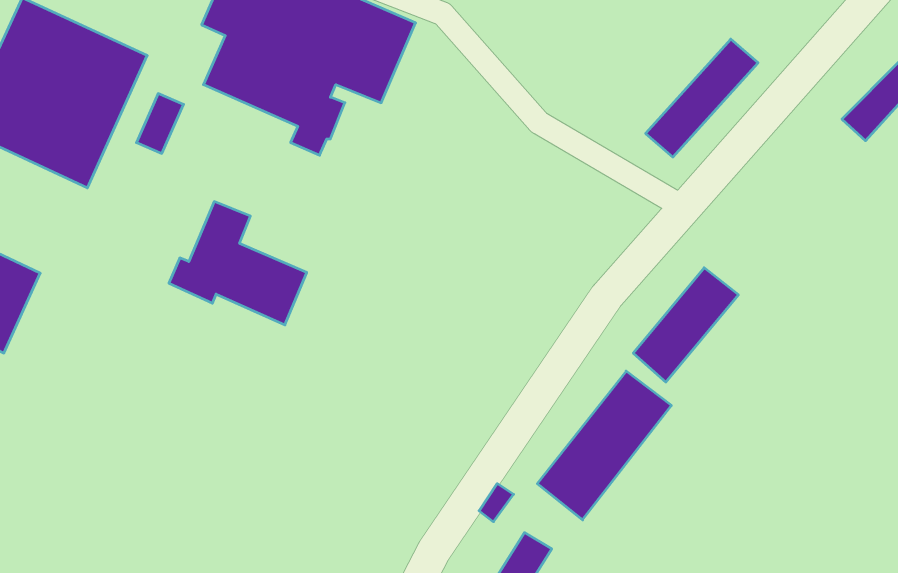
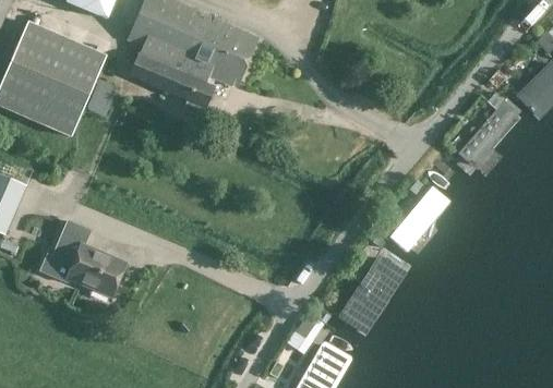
building: [646,39,758,157] -> [457,98,525,169]
building: [169,202,307,325] -> [43,220,125,294]

